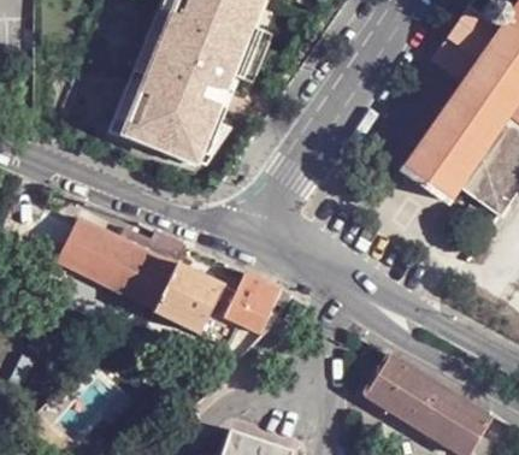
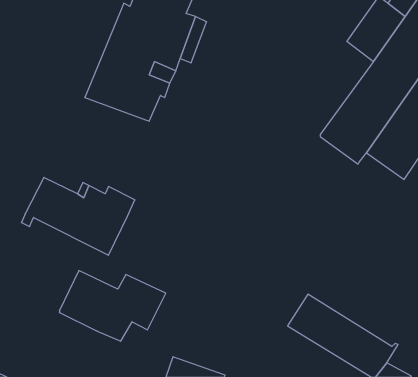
building: [152,262,277,345] -> [59,271,166,341]

